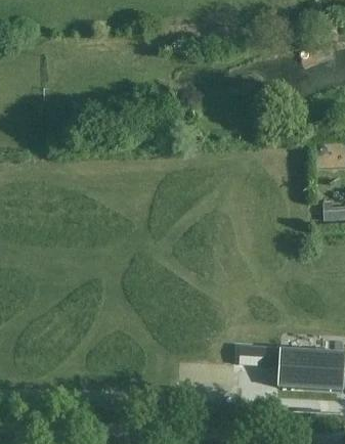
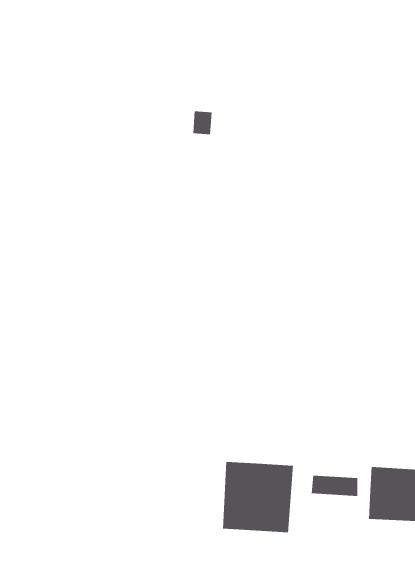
building: none -> [223,461,293,533]

